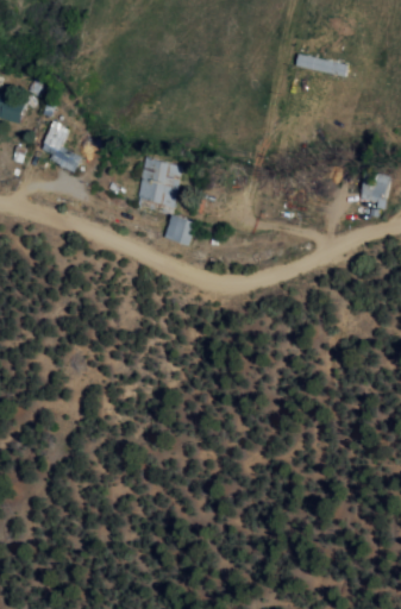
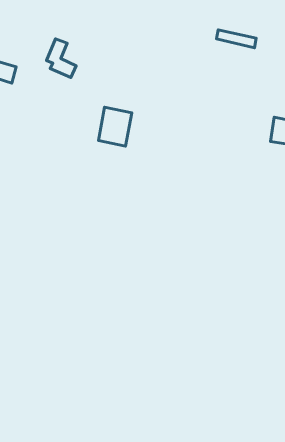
building: [43,120,82,171] -> [47,39,76,78]
building: [164,213,195,244] -> none

